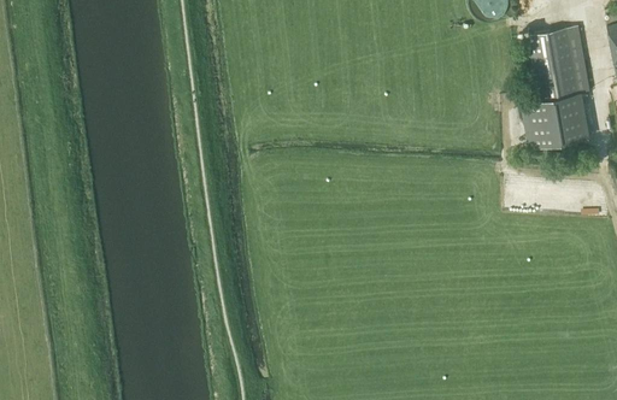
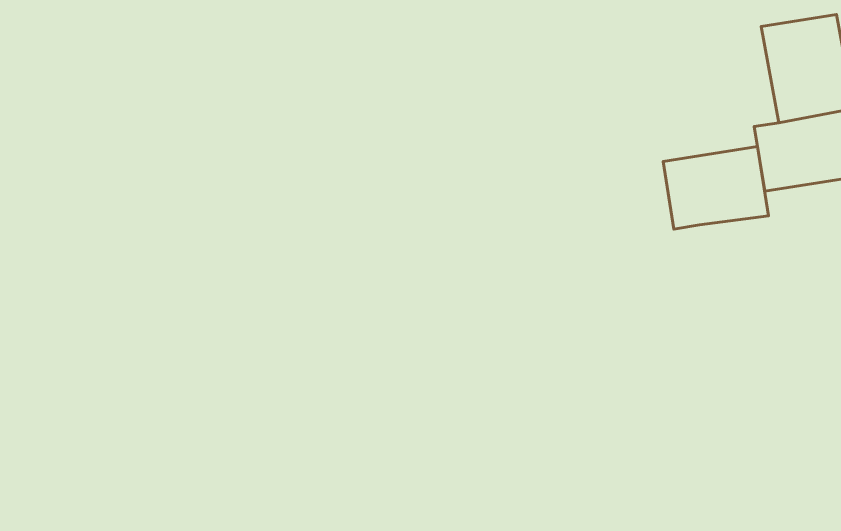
building: none -> [663,146,768,229]

